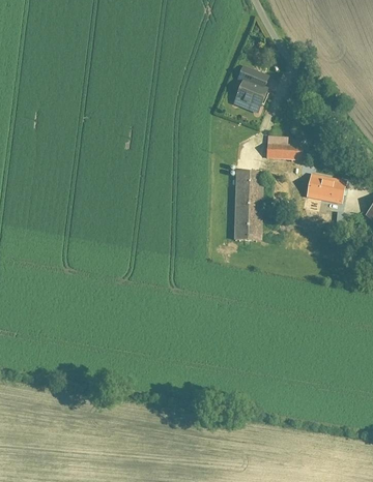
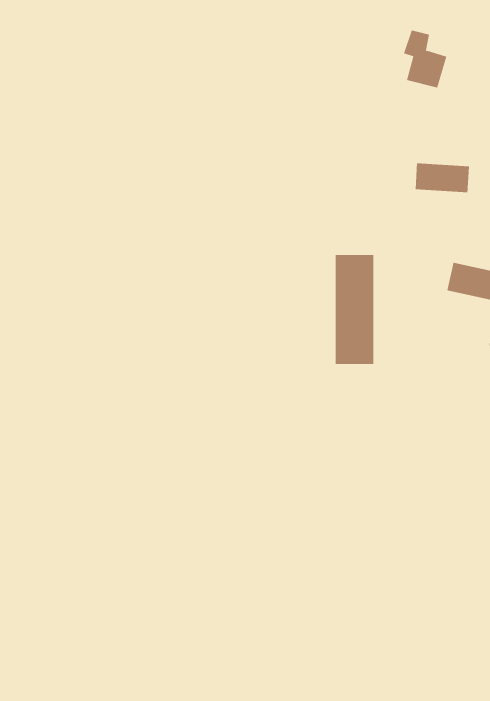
building: [233,67,262,106] -> [403,30,447,88]
building: [265,141,302,160] -> [415,163,470,193]

